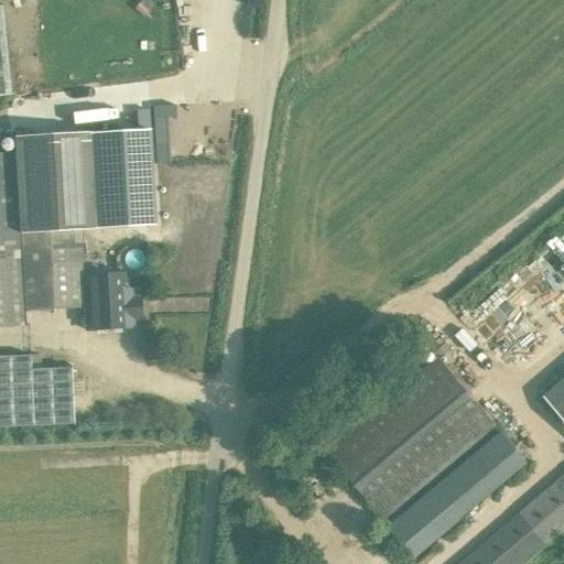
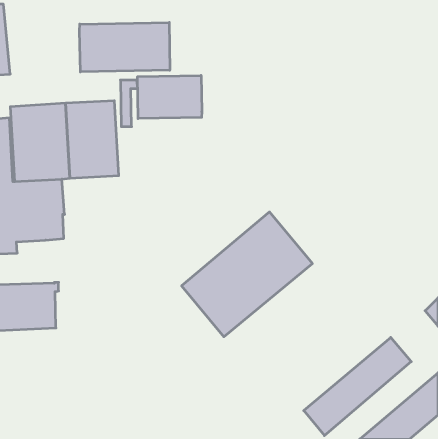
building: none -> [79,22,170,72]
building: none -> [138,75,202,119]
building: [82,273,141,328] -> none
building: [328,358,496,518] -> [182,212,312,337]

